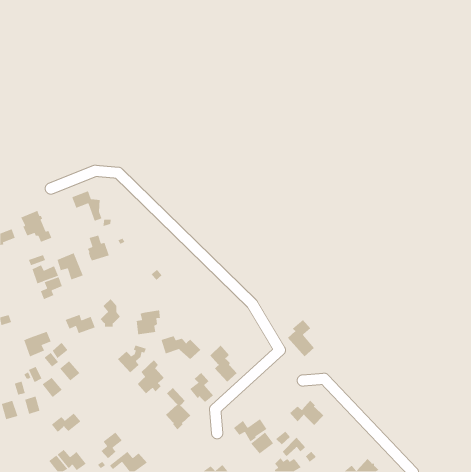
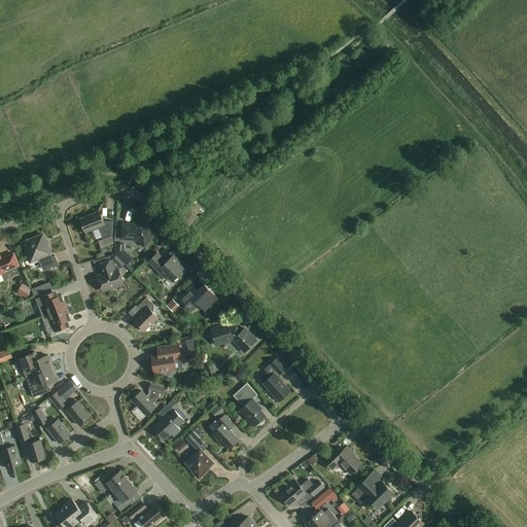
building: none -> [120,223,154,247]
building: none -> [147,253,184,282]
building: [57,252,84,281] -> none
building: none -> [178,285,217,311]
building: [100,298,121,328] -> [134,297,157,330]
building: [64,314,96,334] -> [17,353,52,376]
building: [287,319,315,357] -> [258,359,289,401]
building: [160,335,201,360] -> [211,324,256,352]
building: [51,412,81,433] -> [95,470,129,493]
building: [233,418,267,443] -> none
building: none -> [357,477,393,508]

